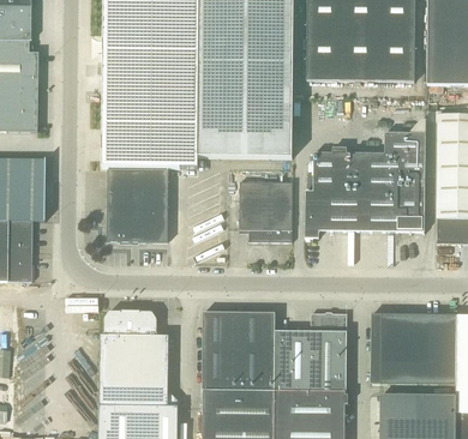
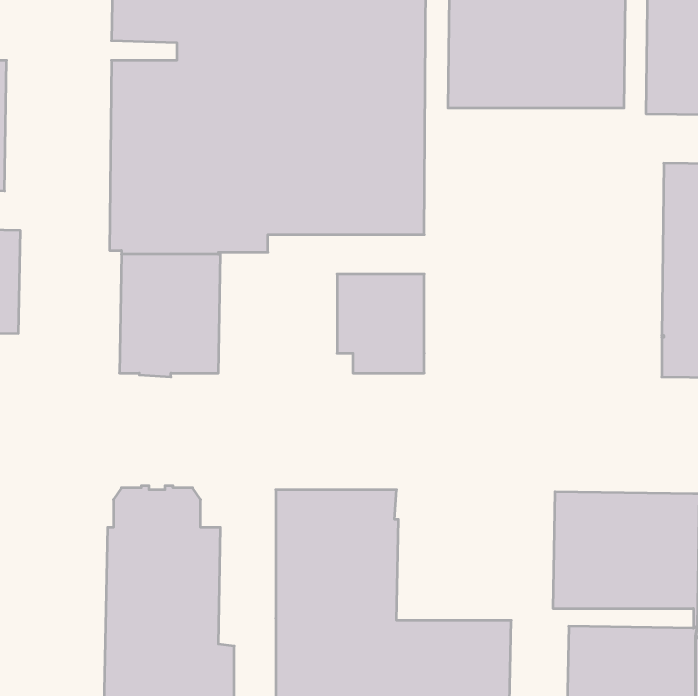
building: [304,132,425,237] -> none
building: [275,313,346,391] -> none

